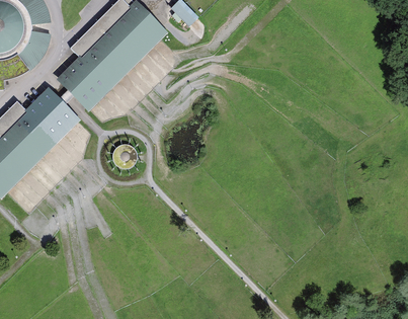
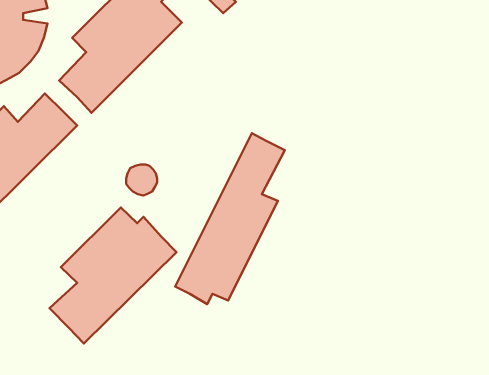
building: none -> [175,133,285,304]
building: none -> [50,207,176,343]

